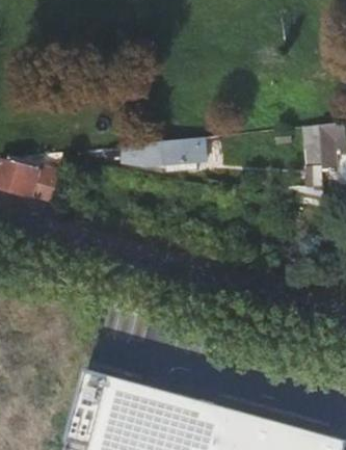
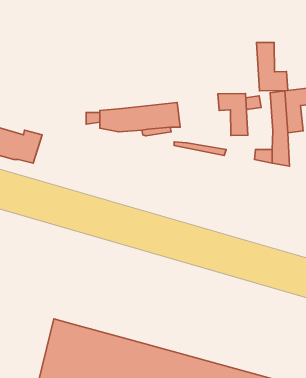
building: none -> [257,43,288,91]
building: none -> [218,93,248,135]

